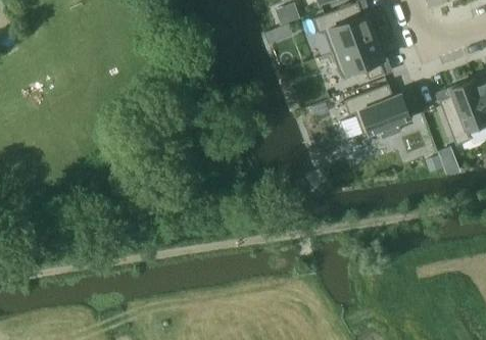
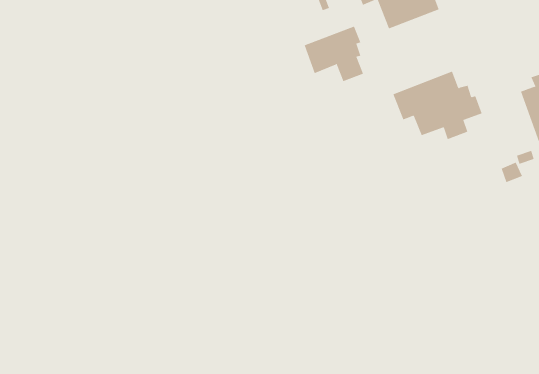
building: [337,38,384,82] -> [304,26,364,82]

